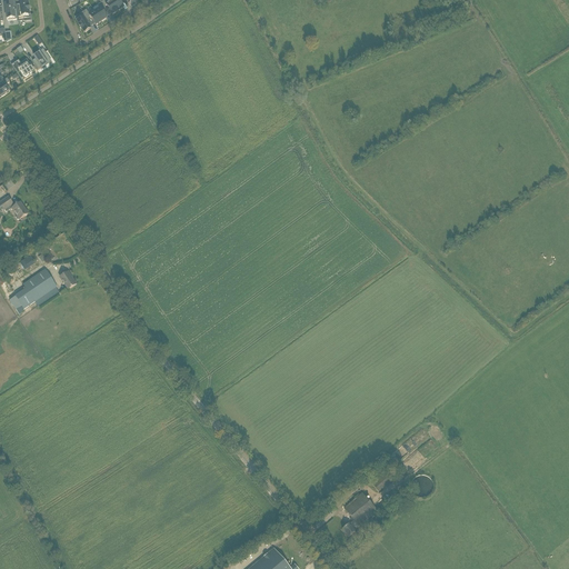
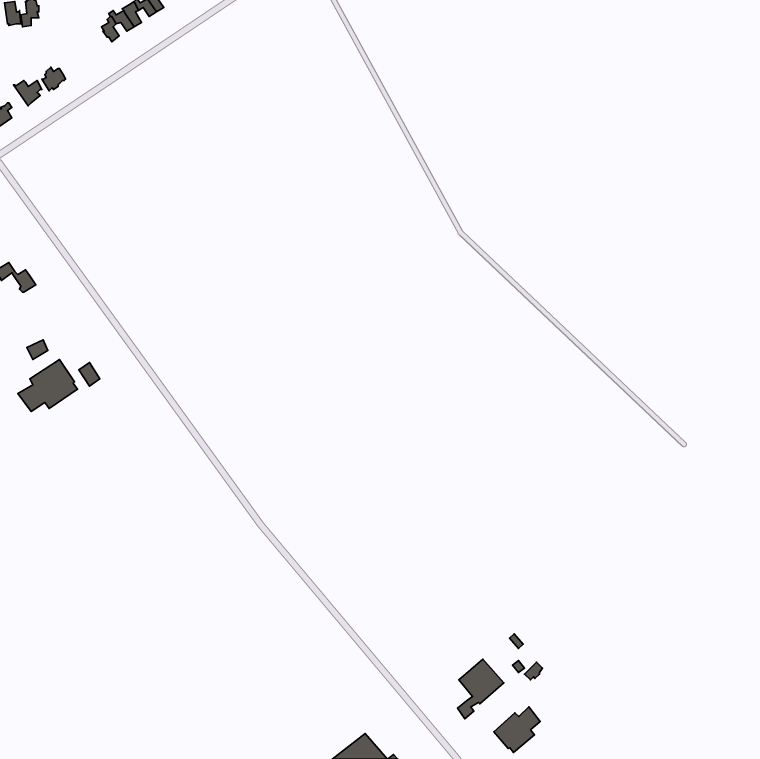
building: none -> [494,707,540,753]

